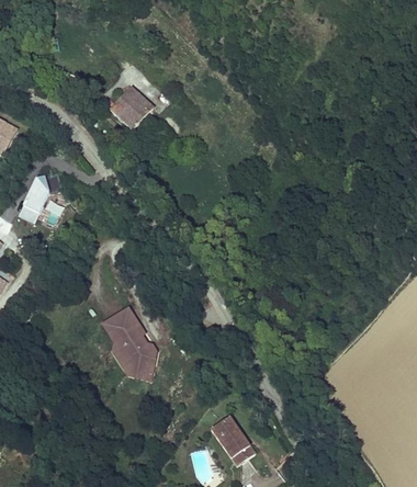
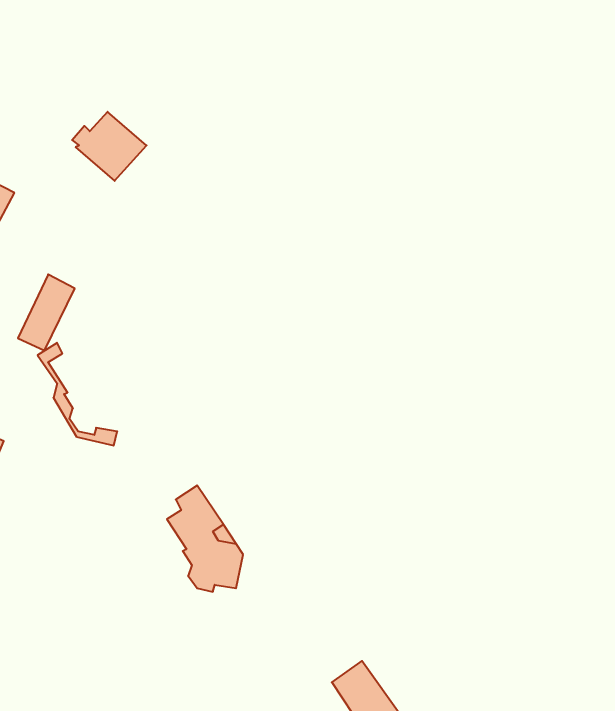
building: [108,86,154,128] -> [72,112,147,181]
building: [103,316,153,380] -> [38,343,117,446]

